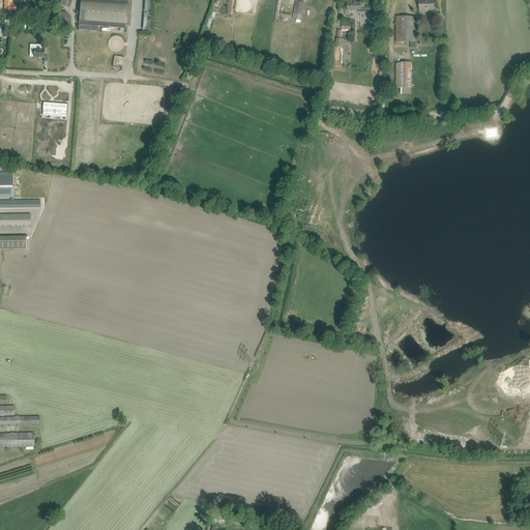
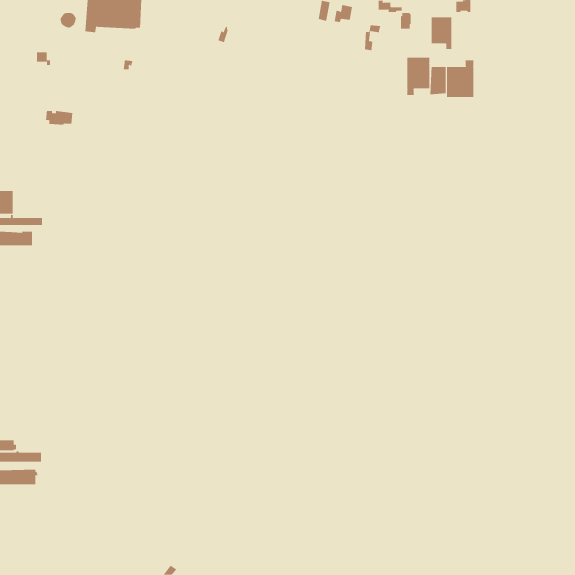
building: none -> [407,57,430,96]
building: none -> [446,60,474,98]

